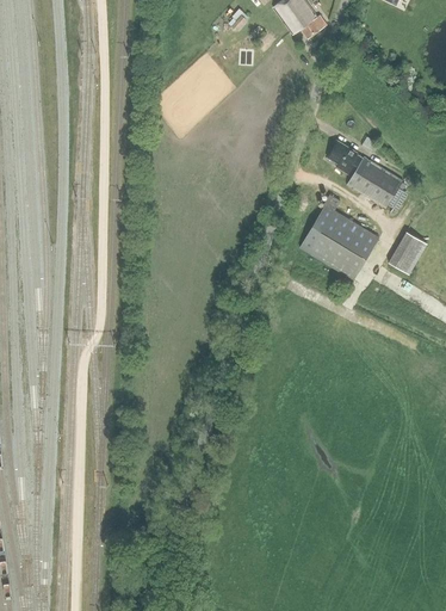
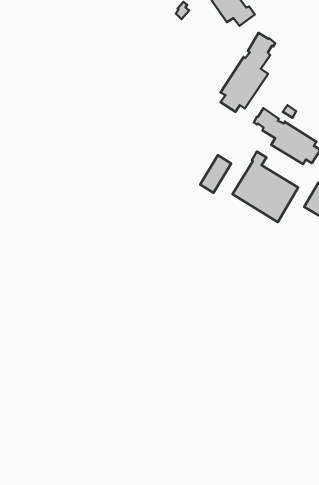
building: none -> [220,33,275,112]
building: none -> [200,155,231,193]

